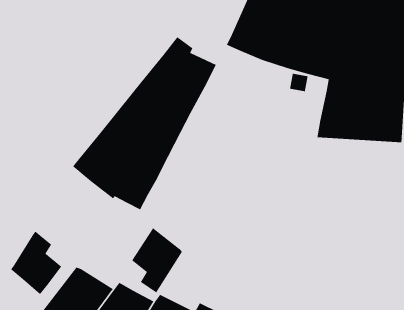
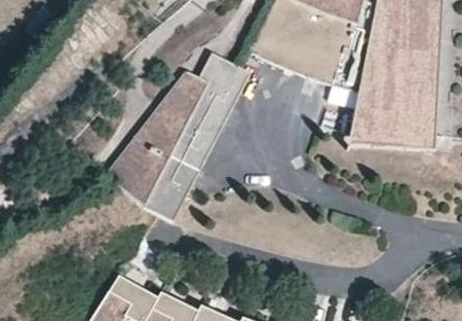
building: [131,227,183,293] -> none
building: [10,231,62,295] -> none

